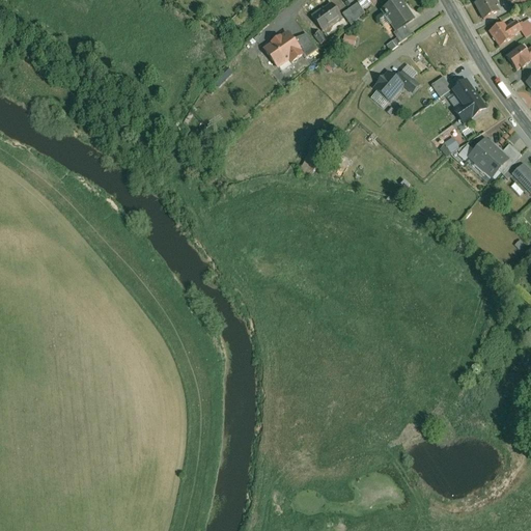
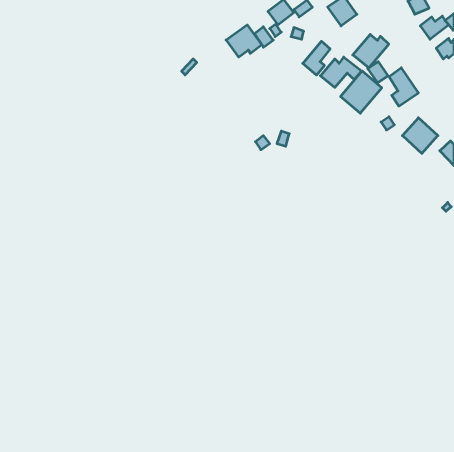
building: none -> [353,34,389,68]
building: none -> [303,41,330,75]
building: none -> [341,71,382,113]

